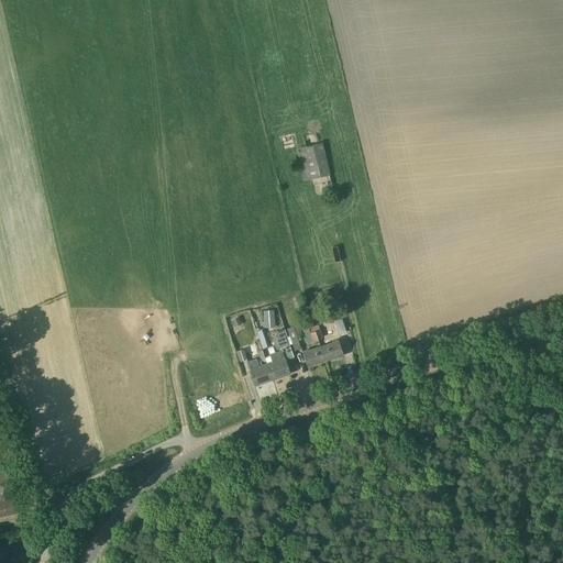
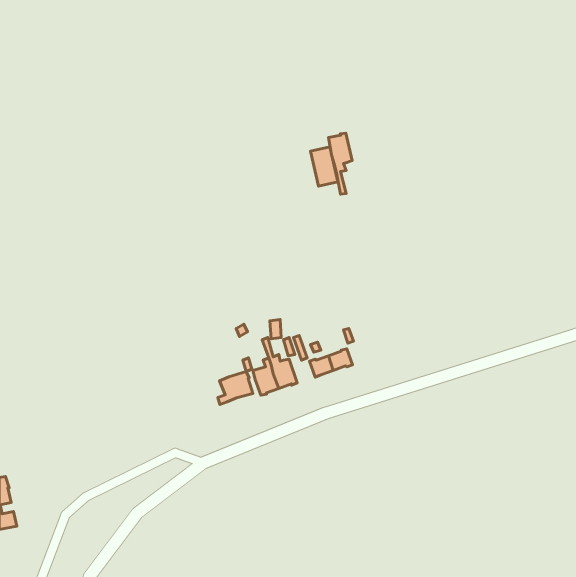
building: none -> [328,133,352,194]
building: none -> [218,371,253,404]

